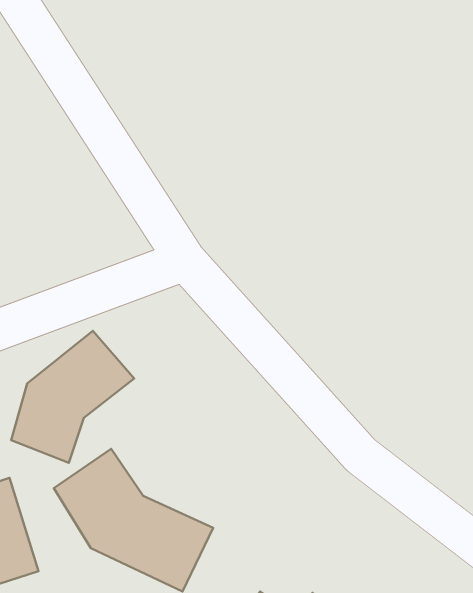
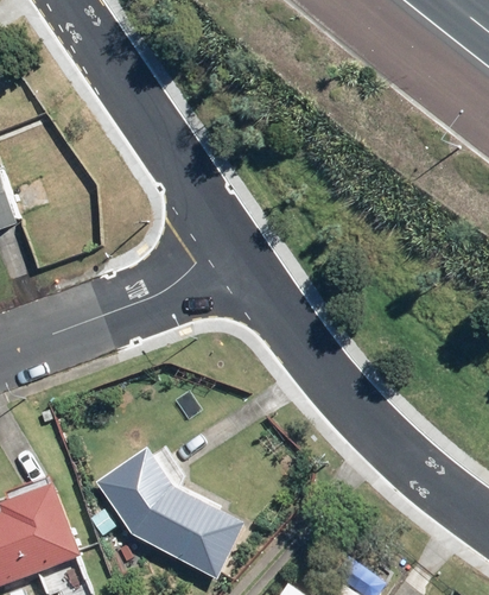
building: [11,331,134,463] -> none

